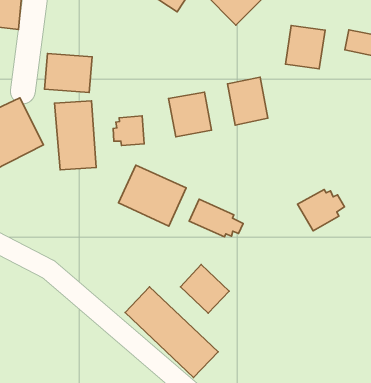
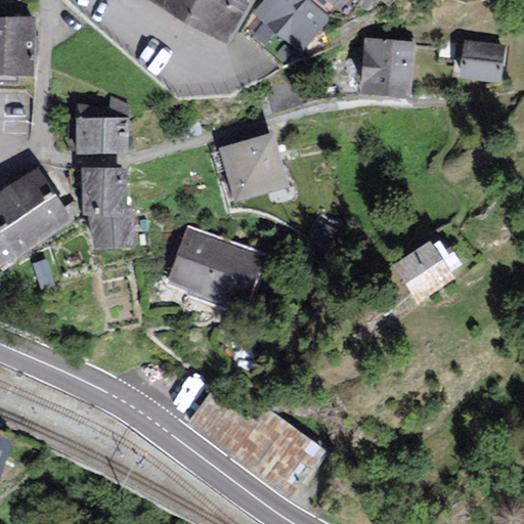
building: [227,77,268,125] -> none
building: [113,116,144,145] -> none
building: [189,199,243,237] -> none
building: [180,265,229,313] -> none

